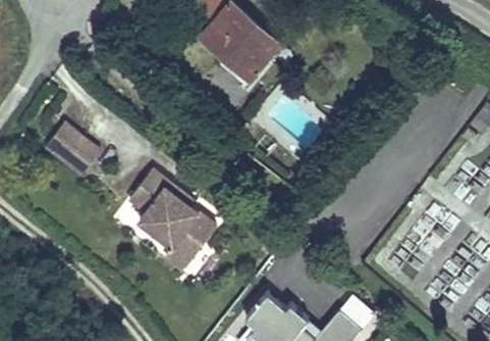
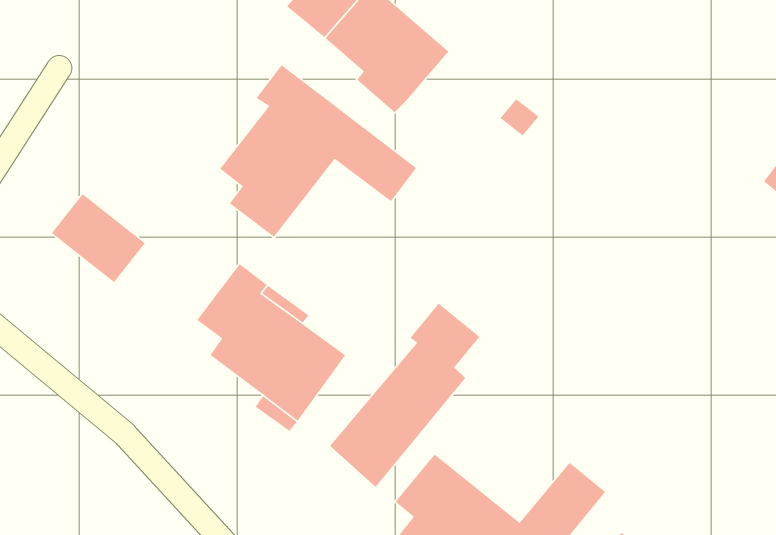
building: none -> [219,64,417,238]
building: none -> [329,302,481,488]

